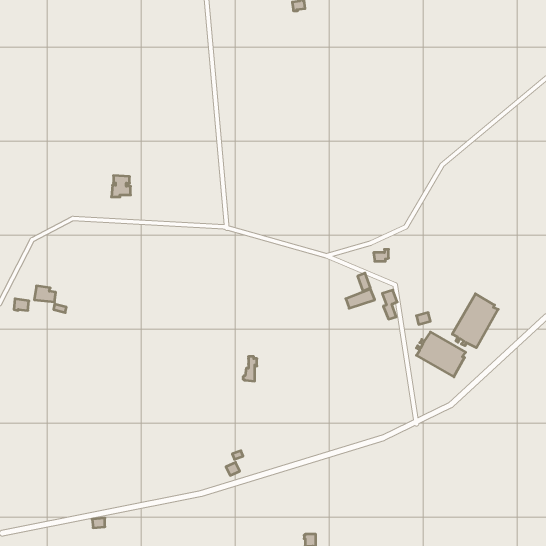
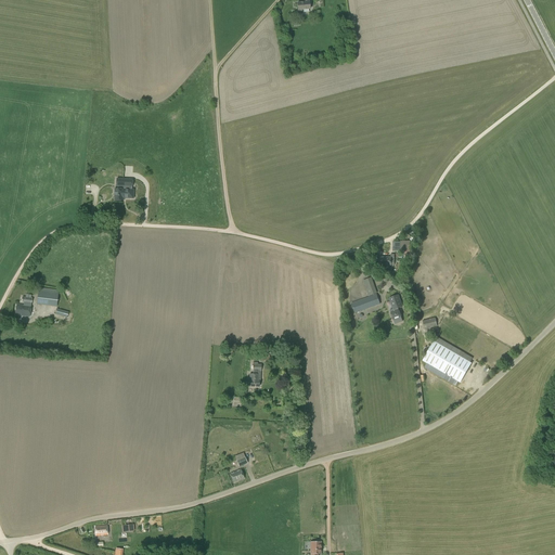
building: [452,294,498,348] -> none

